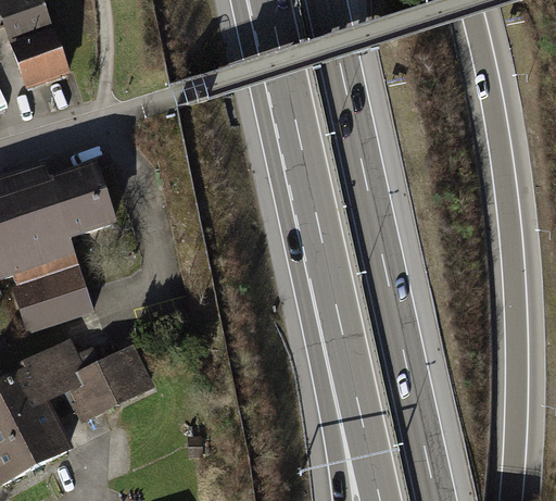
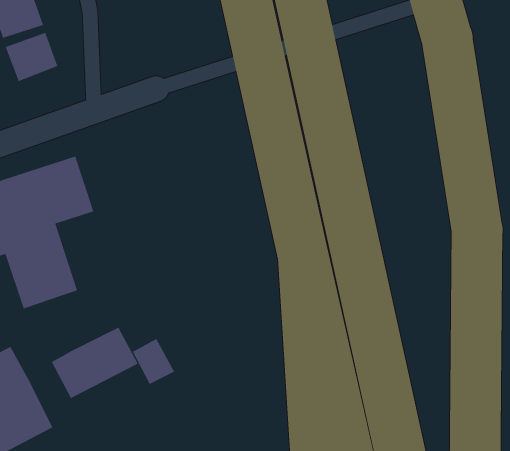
building: [18,341,83,402] -> none
building: none -> [132,338,175,385]

